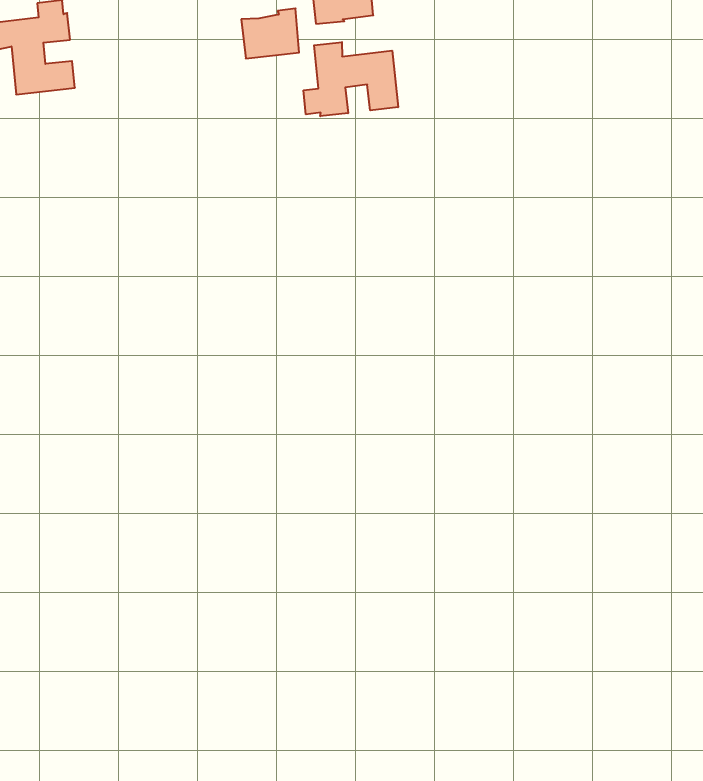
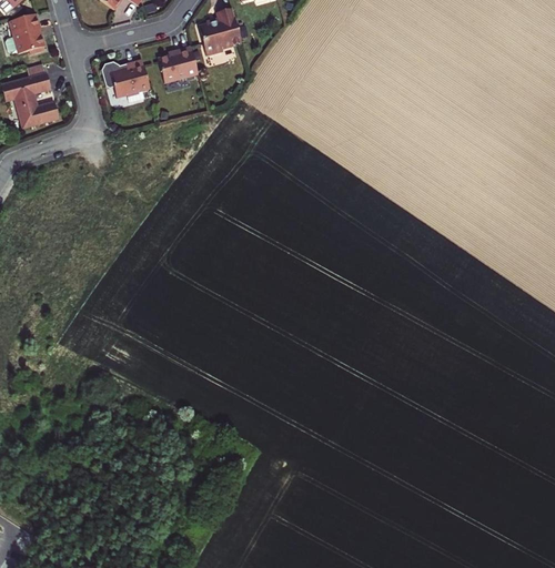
building: none -> [101,59,150,102]
building: [304,42,398,116] -> none

